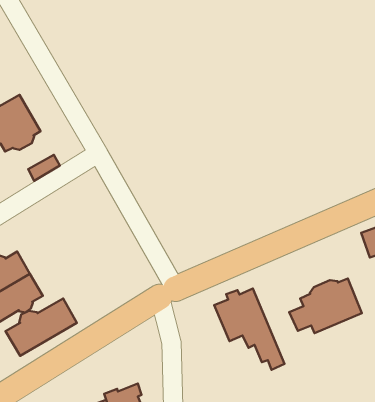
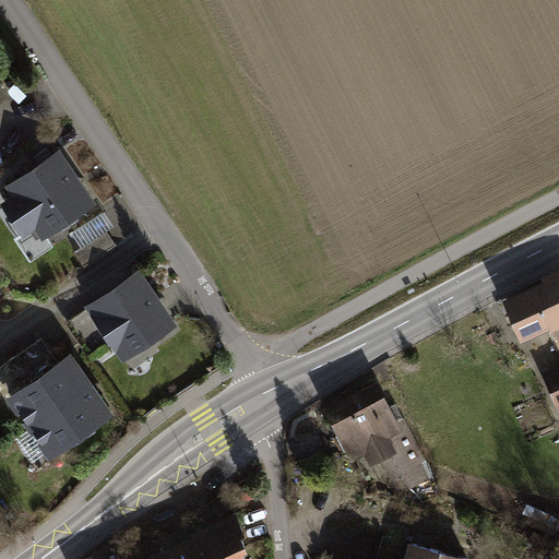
building: none -> [95,280,170,356]
building: [289,279,362,333] -> none
building: [6,299,77,356] -> none

